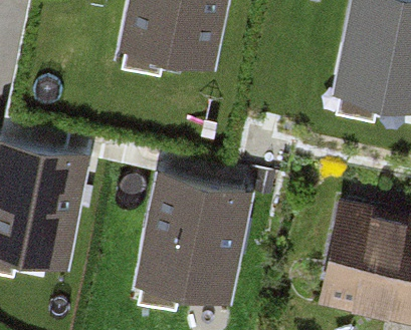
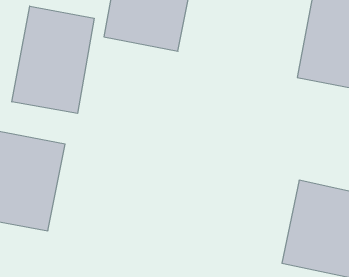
building: none -> [12,6,94,113]
building: [143,182,244,294] -> none

